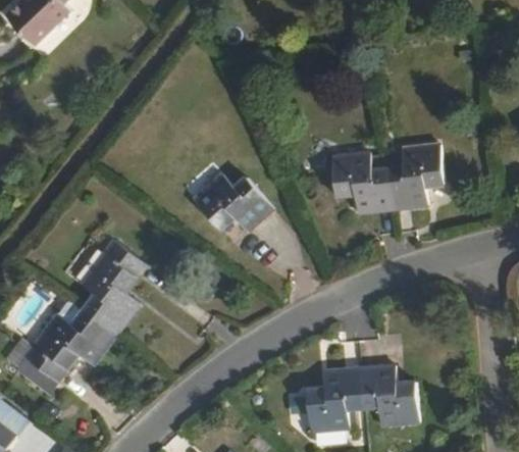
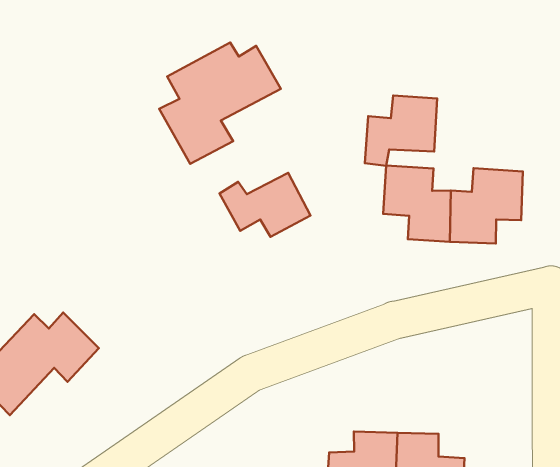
building: none -> [159,42,281,164]
building: none -> [365,96,437,166]
building: [83,240,147,333] -> none

